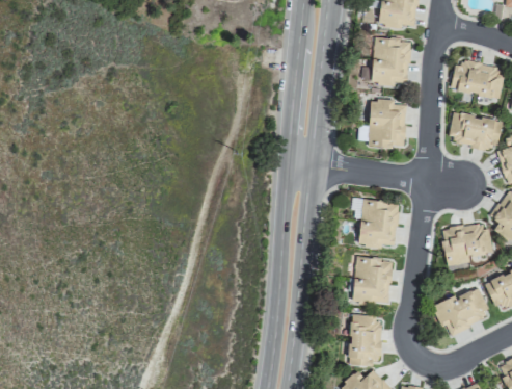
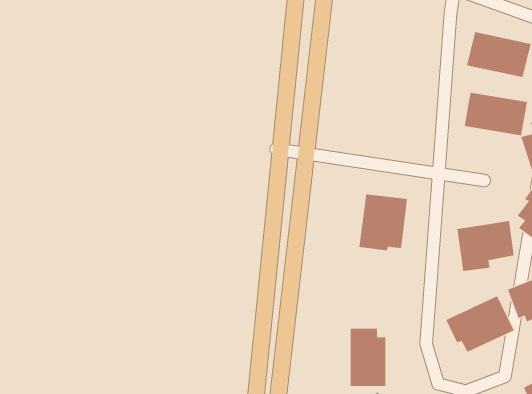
building: [372,37,410,84] -> none
building: [369,99,406,148] -> none
building: [353,257,392,302] -> none

